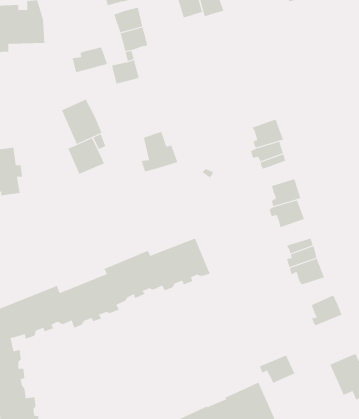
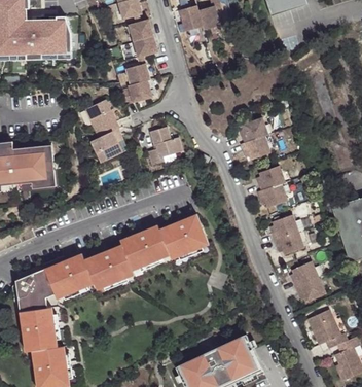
building: [72,47,108,73] -> [121,82,151,104]
building: [259,355,295,383] -> [294,278,324,302]

